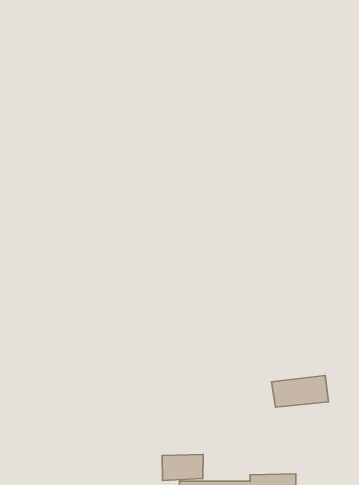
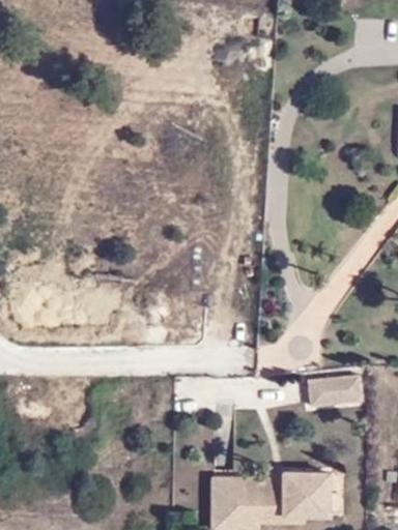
building: [162,454,203,480] -> none

